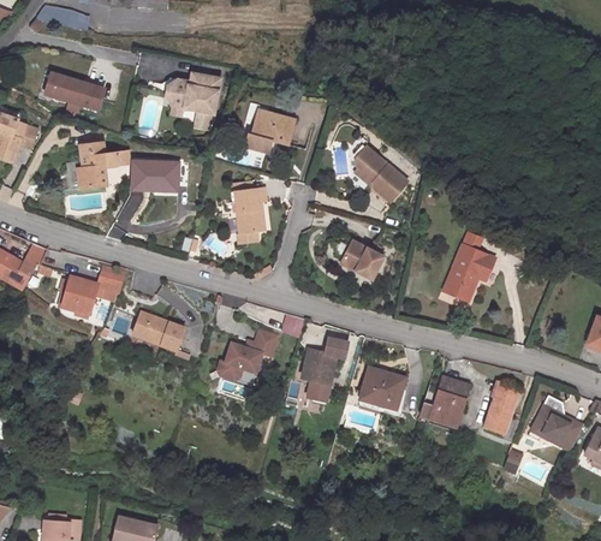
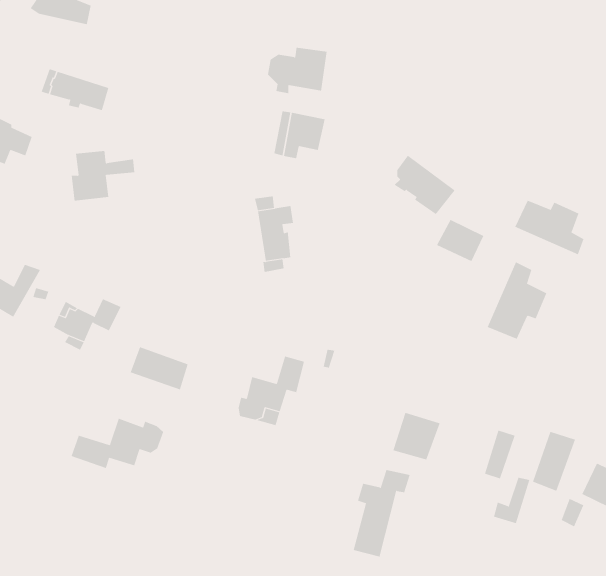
building: [168,72,221,113] -> [267,47,327,94]
building: [135,159,182,189] -> none
building: none -> [514,200,584,255]
building: [341,242,383,279] -> [436,219,484,262]
building: [296,337,346,414] -> [353,469,410,557]
building: none -> [71,418,164,469]
building: [416,385,448,426] -> [493,477,530,524]

